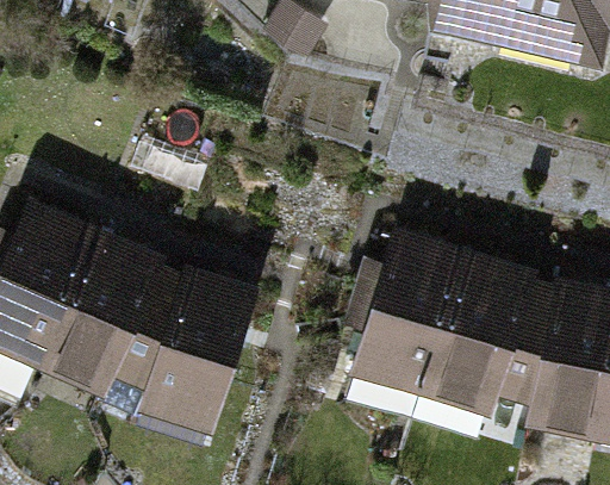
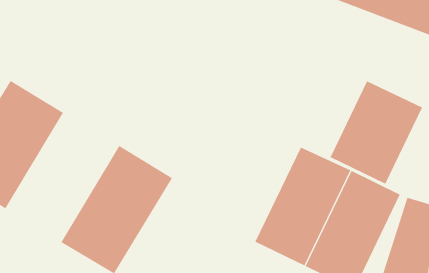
building: none -> [330,81,423,184]
building: [42,230,180,400] -> none

